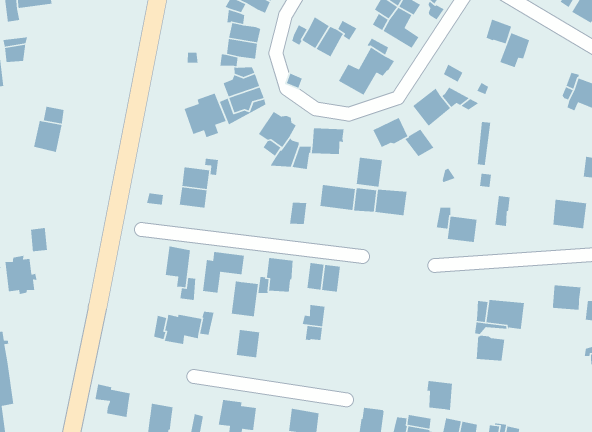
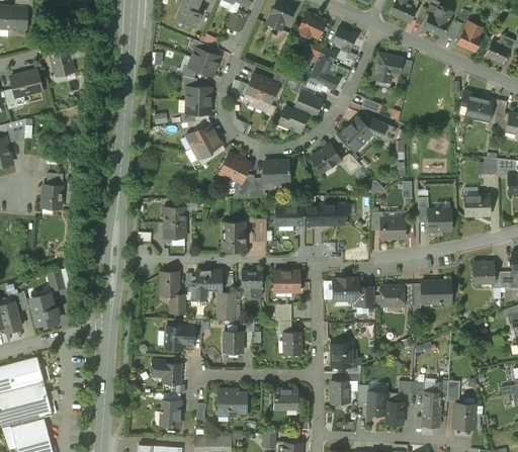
building: [499,32,530,68] -> [372,53,395,81]
building: [184,93,227,138] -> none
building: [356,157,383,187] -> none
building: none -> [222,221,245,250]
building: none -> [427,208,450,231]
building: none -> [333,277,367,305]
building: [476,335,505,362] -> [380,285,403,305]
building: none -> [283,332,300,354]
building: [427,380,453,411] -> [330,344,351,366]
building: [94,384,132,418] -> [152,359,181,383]

